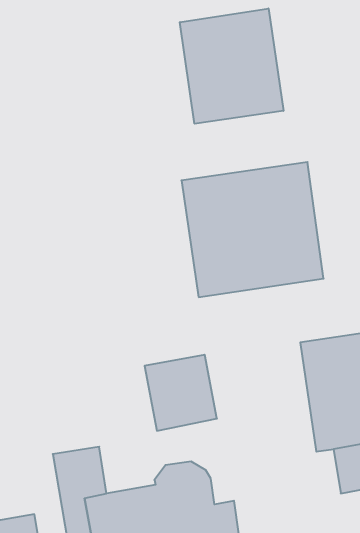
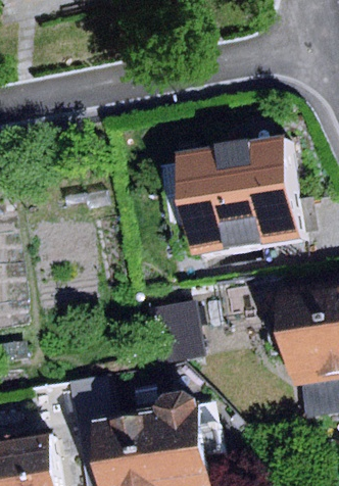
building: [180,8,283,124] -> none

